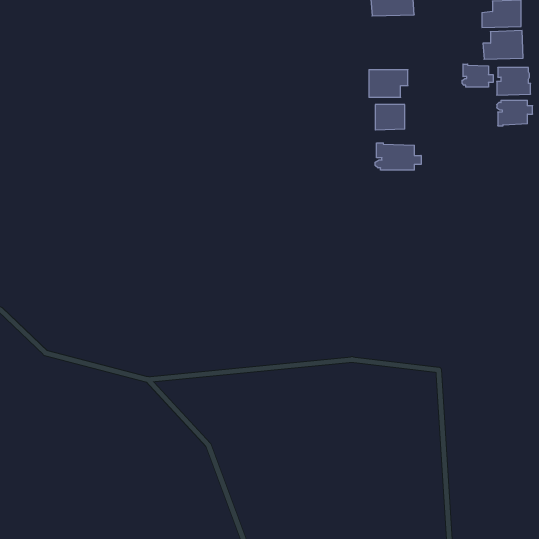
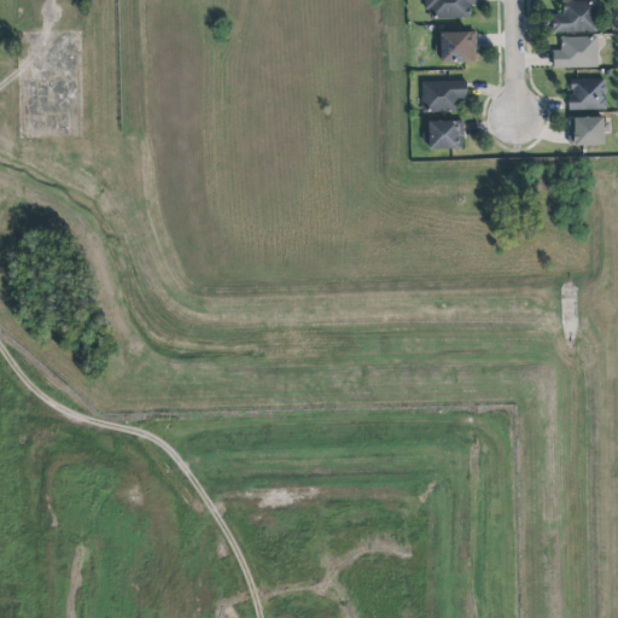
building: none -> [435,29,477,60]
building: [462,64,493,87] -> none
building: [375,143,421,170] -> none

